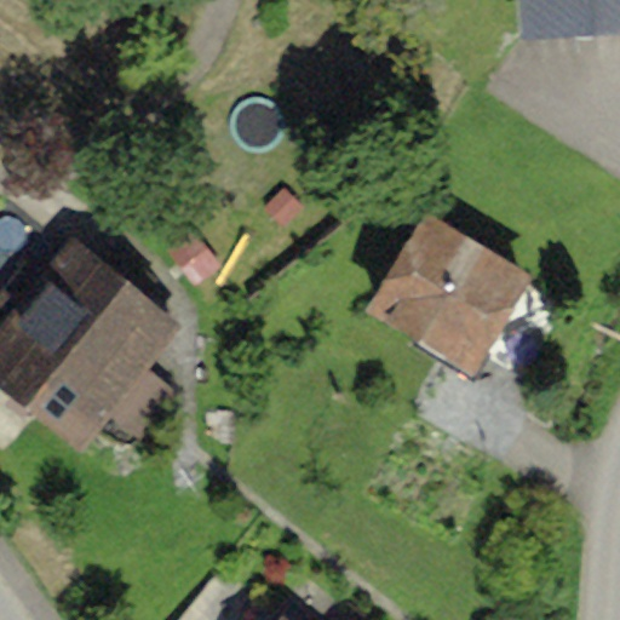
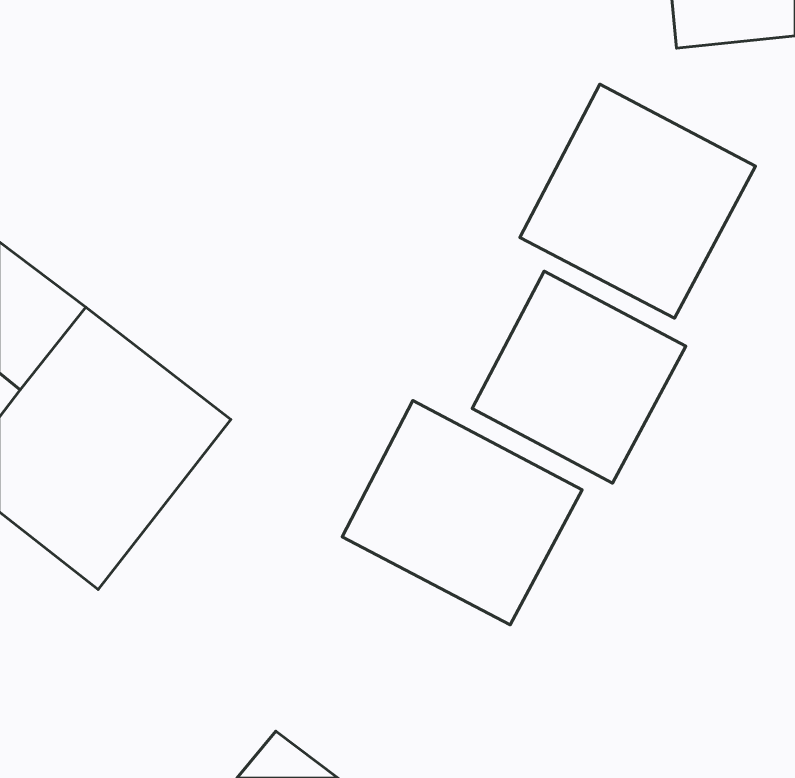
building: none -> [520,84,755,318]
building: none -> [342,401,582,625]

